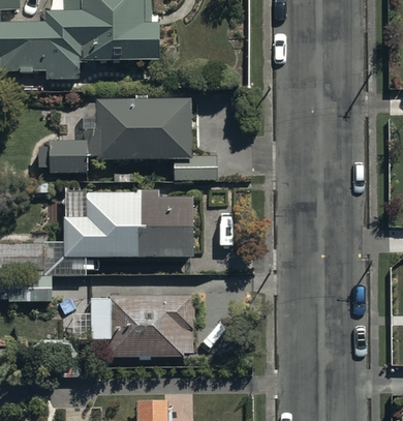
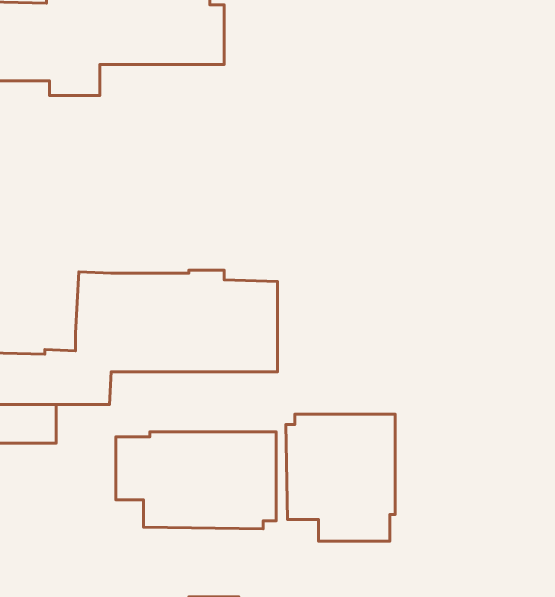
building: [38,97,217,181] -> none
building: none -> [286,414,395,541]

